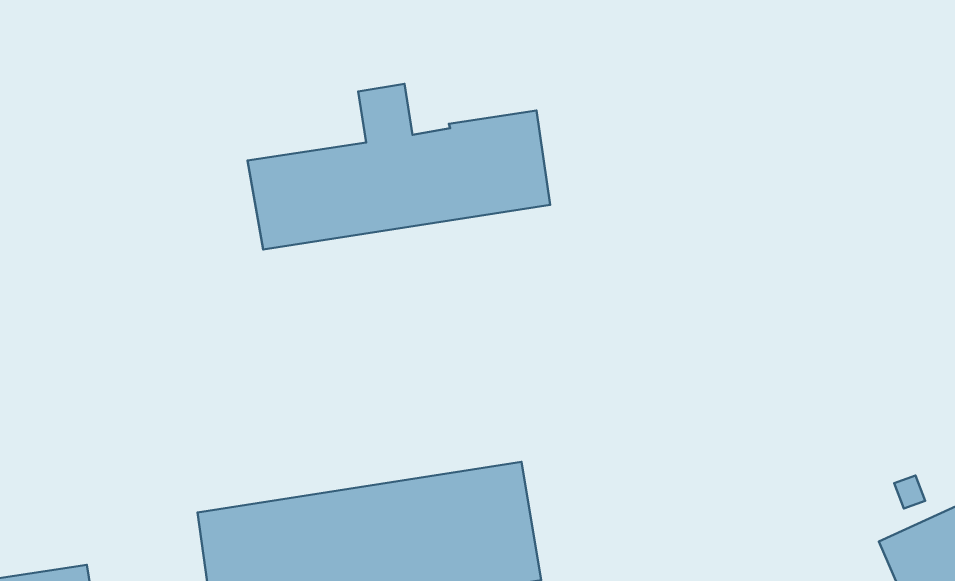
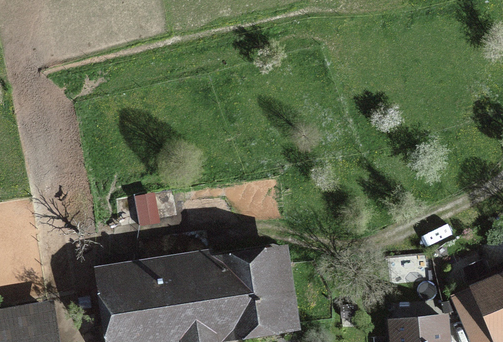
building: [247,84,550,249] -> none

